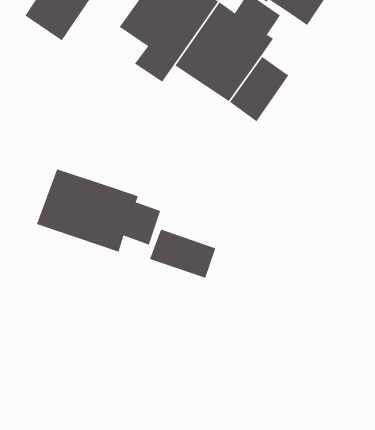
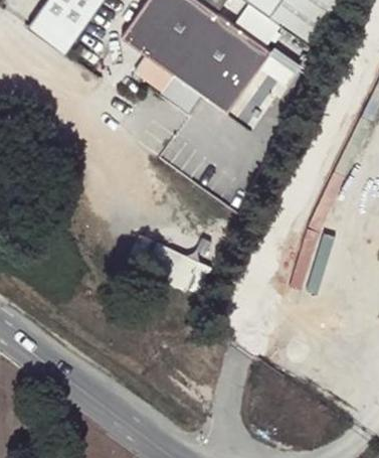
building: [36,169,161,253] -> none

